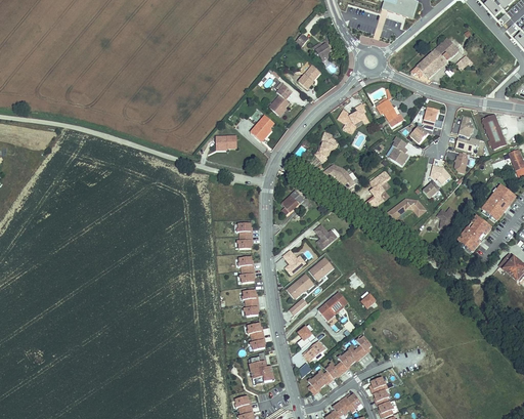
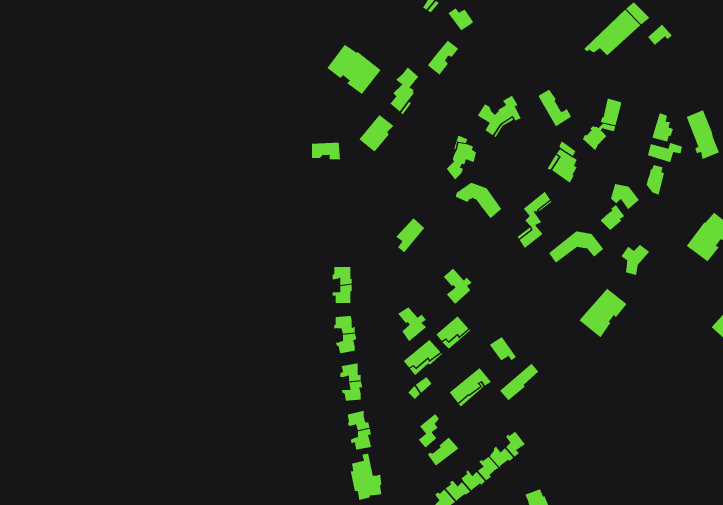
building: none -> [327,44,382,95]
building: [456,216,490,251] -> [579,288,627,338]

